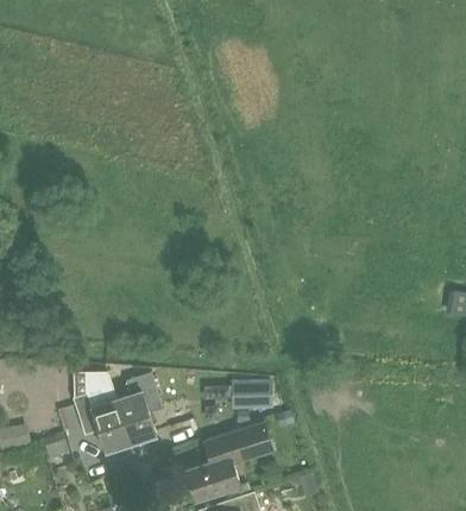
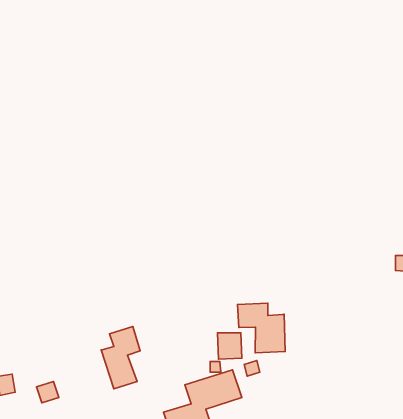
building: none -> [238,303,285,353]
building: [70,376,128,453] -> none

